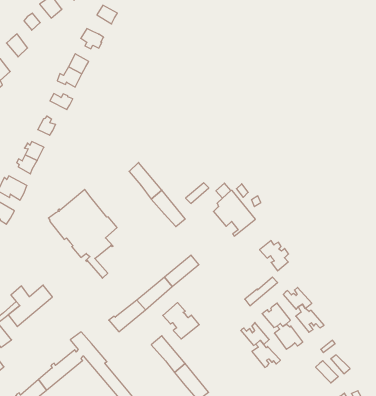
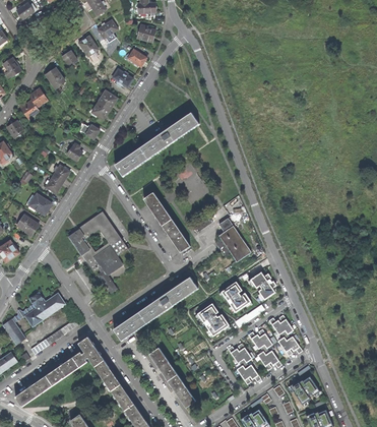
building: none -> [114,114,198,175]
building: none -> [223,282,252,312]
building: [163,303,199,339] -> [197,303,229,336]

